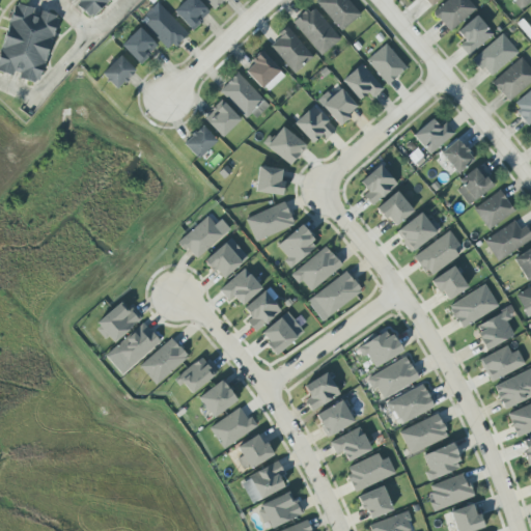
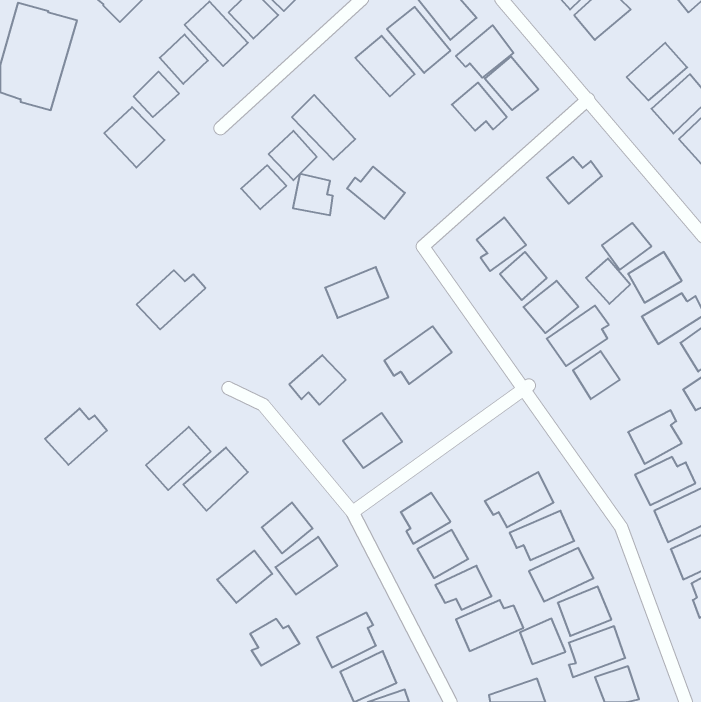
building: [458,15,494,55] -> none
building: none -> [456,25,513,78]
building: [246,51,286,91] -> none
building: none -> [104,107,165,168]
building: [317,87,359,123] -> none
building: [295,105,336,142] -> none
building: [442,138,475,172] -> [586,258,630,304]
building: [255,164,285,195] -> [293,174,333,215]
building: [179,215,231,259] -> [137,270,205,329]
building: [278,224,318,268] -> none
building: [205,237,249,279] -> none
building: [308,272,362,318] -> none
building: [450,284,499,326] -> none
building: [245,289,282,331] -> none
building: [95,301,142,343] -> [45,408,107,465]
building: [358,329,402,366] -> none
building: [176,355,218,394] -> [217,551,272,603]
building: [237,435,275,470] -> [250,619,300,666]
building: [360,484,394,519] -> [520,619,565,664]

